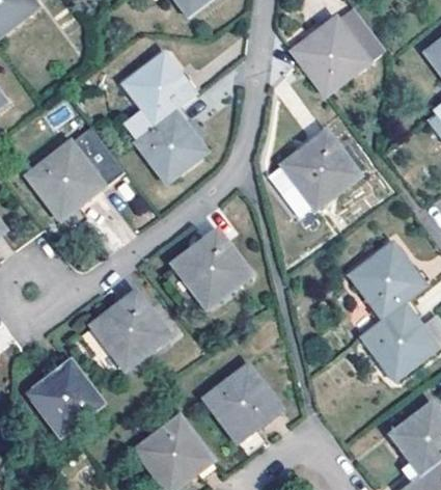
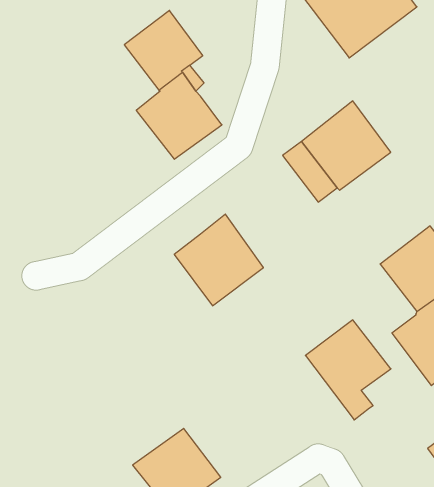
building: [32,125,127,227] -> none
building: [92,292,167,370] -> none
building: [27,359,103,435] -> none
building: [203,366,278,454] -> [305,320,391,420]

